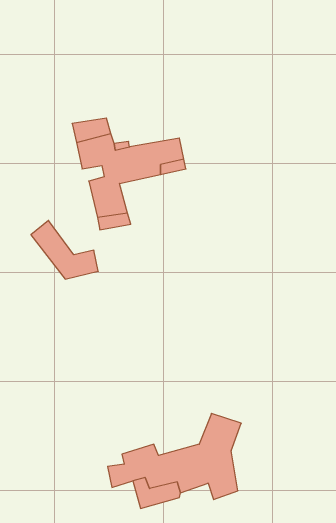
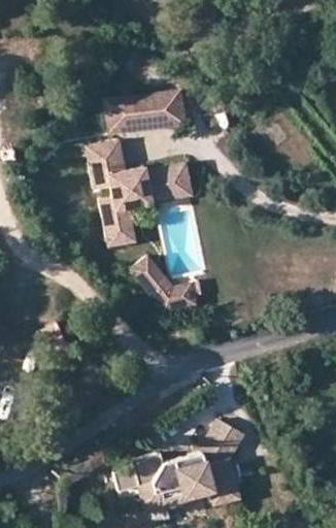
building: none -> [102,88,184,135]
building: [31,220,98,279] -> [135,253,198,307]

